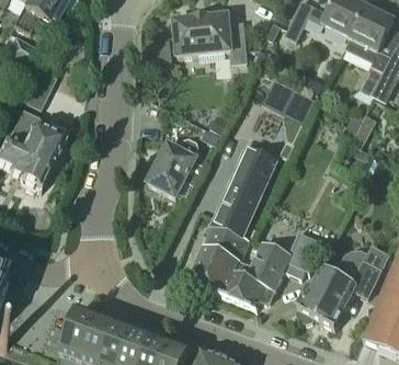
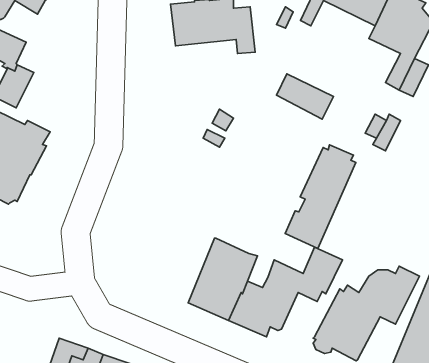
building: [148,136,198,196] -> none
building: [213,145,274,235] -> [285,145,356,249]

